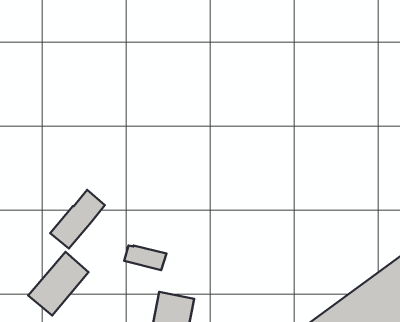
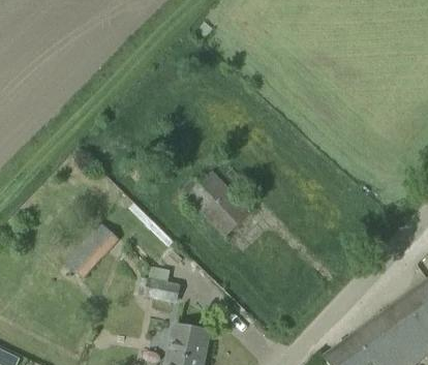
building: none -> [182,171,250,234]
building: [28,252,89,315] -> none

